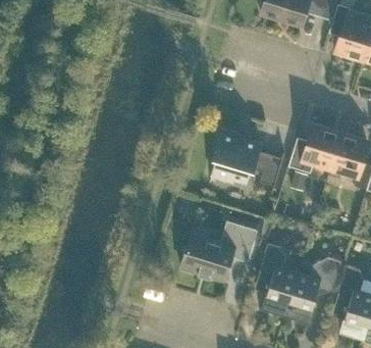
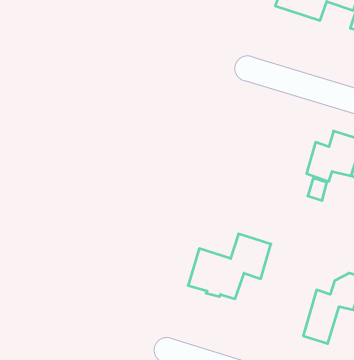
building: [210,130,284,193] -> none
building: [261,244,299,314] -> none

